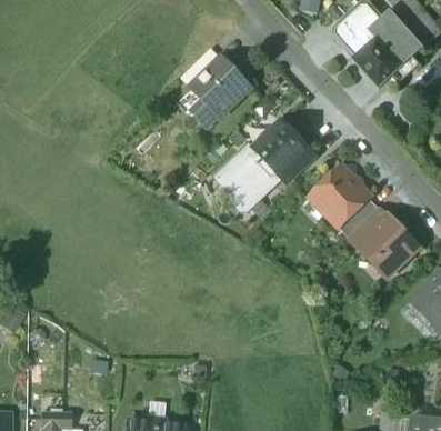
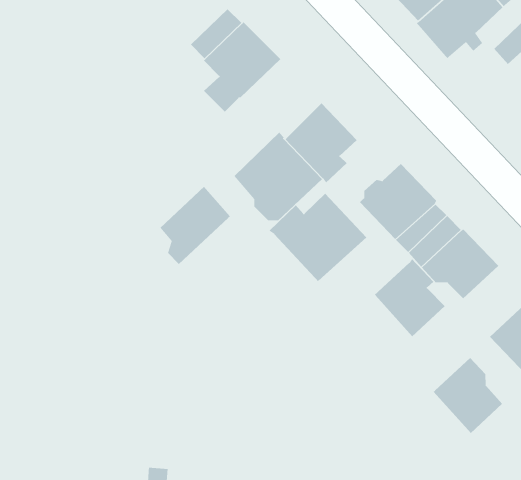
building: none -> [160,186,231,265]
building: none -> [269,193,367,283]
building: none -> [373,258,445,337]
building: none -> [433,357,503,434]

